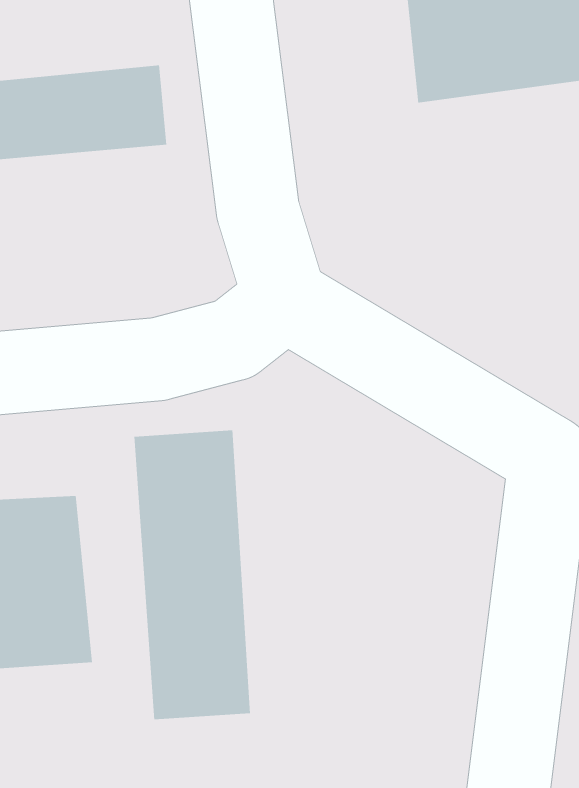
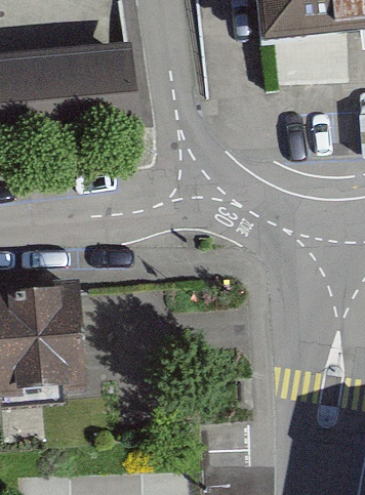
building: [134,429,250,720] -> none

